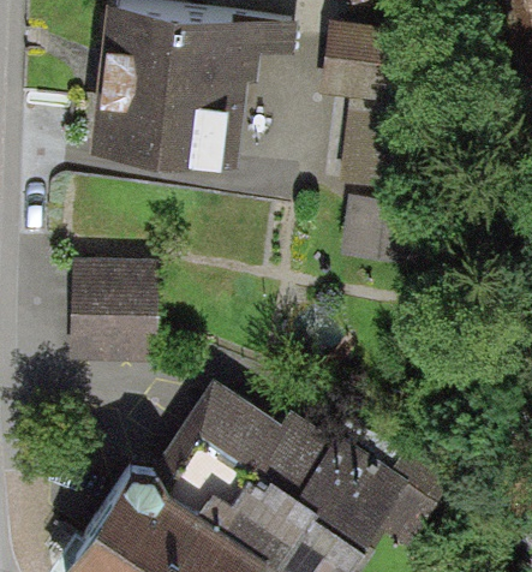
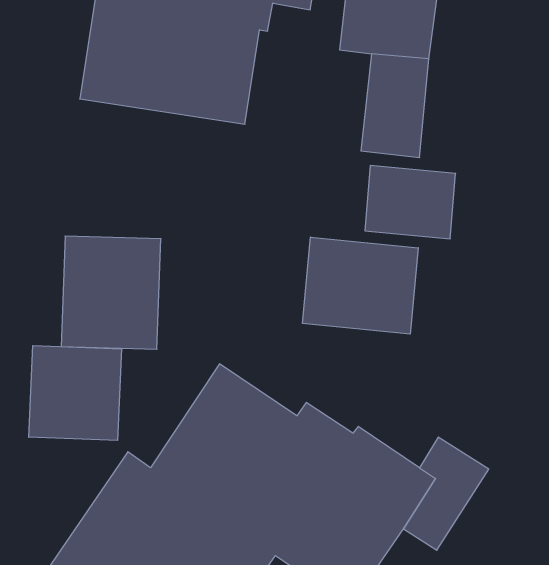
building: none -> [303,237,418,334]
building: none -> [29,346,122,440]

